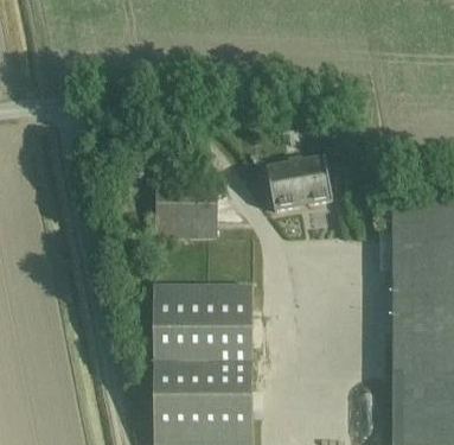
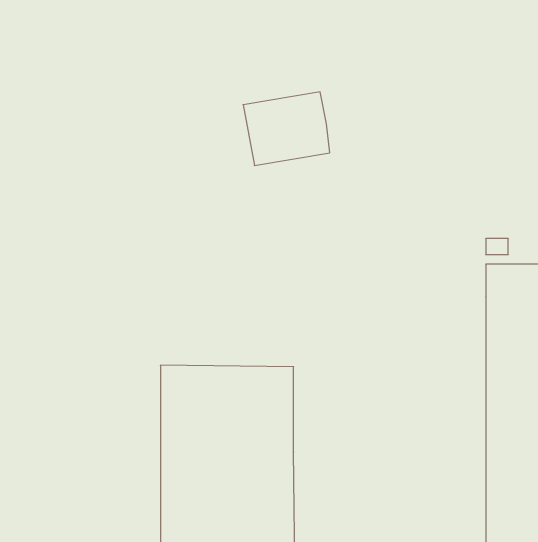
building: [267,152,331,206] -> [243,92,330,166]
building: [156,186,215,234] -> none

